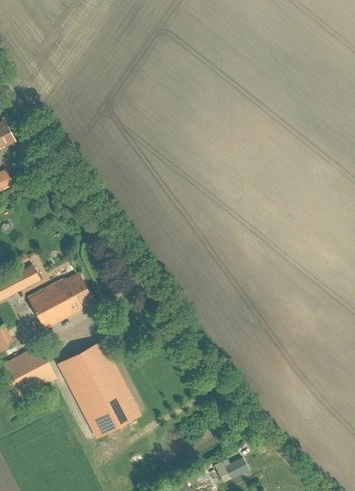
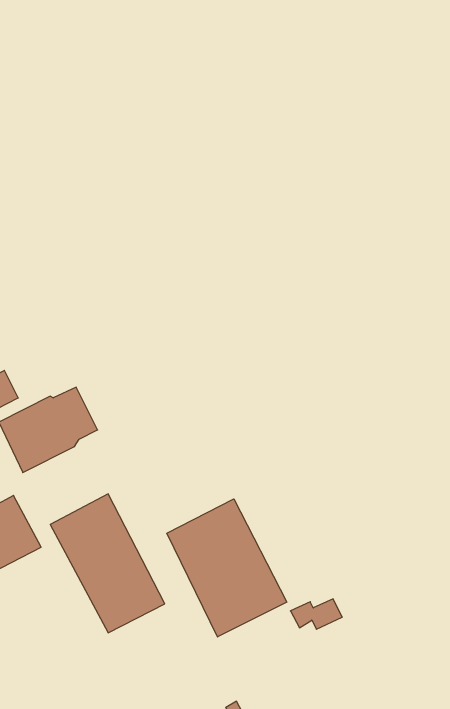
building: none -> [167,499,287,637]
building: [214,458,248,478] -> [290,599,342,629]

